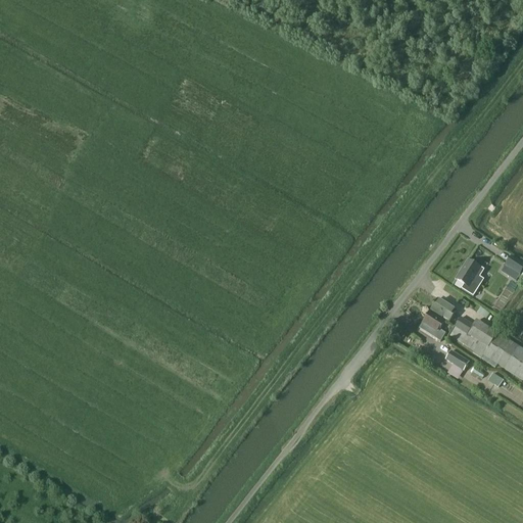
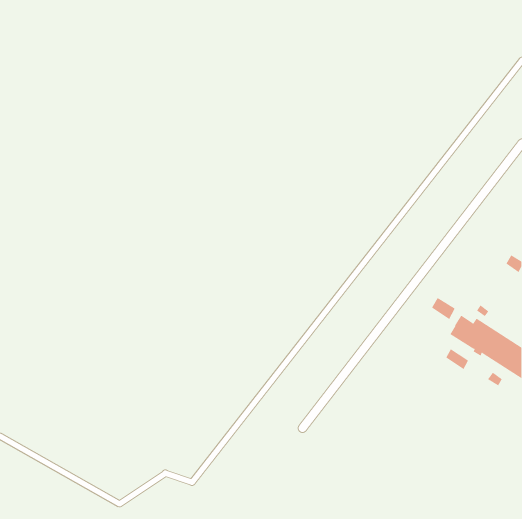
building: [456,259,484,296] -> none
building: [420,311,445,339] -> none

